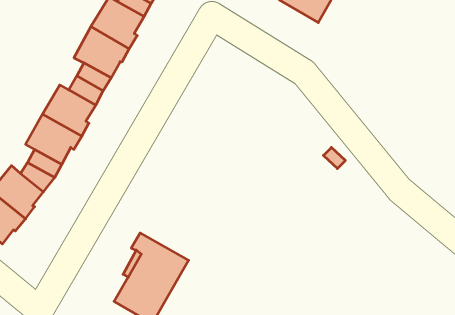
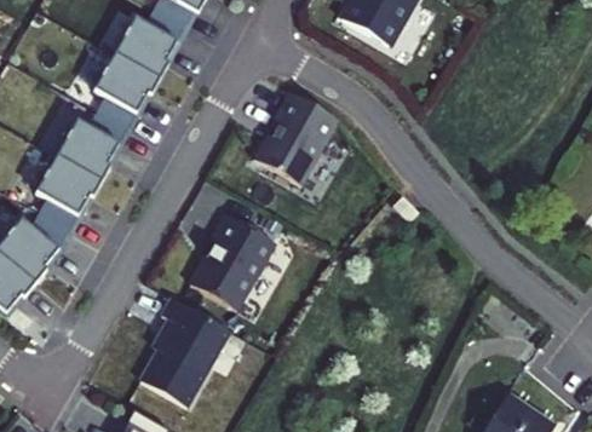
building: none -> [254,91,337,184]
building: none -> [191,214,277,311]

